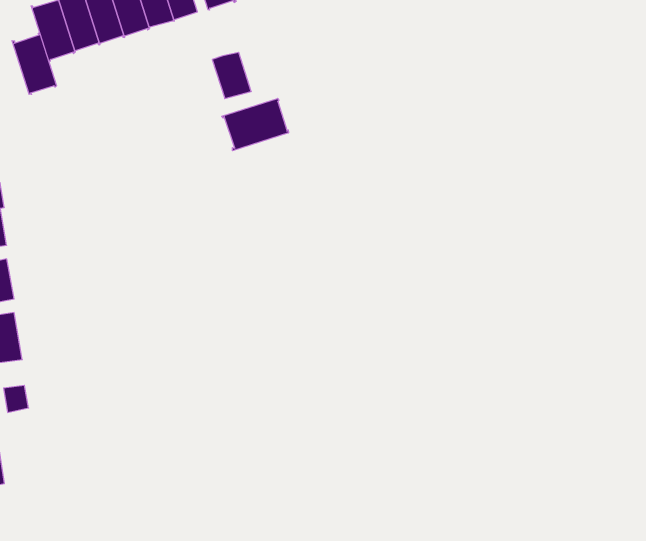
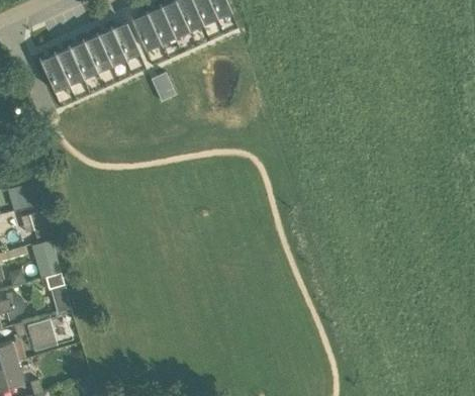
building: [12,32,56,94] -> none
building: [222,98,288,151] -> none

